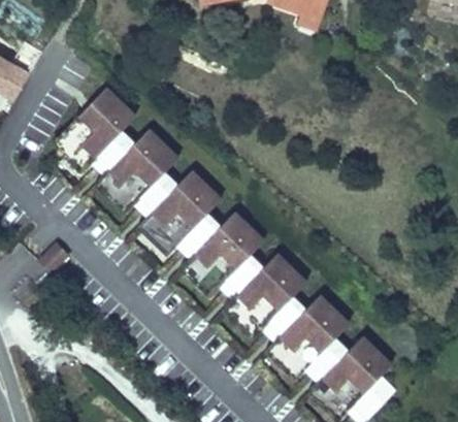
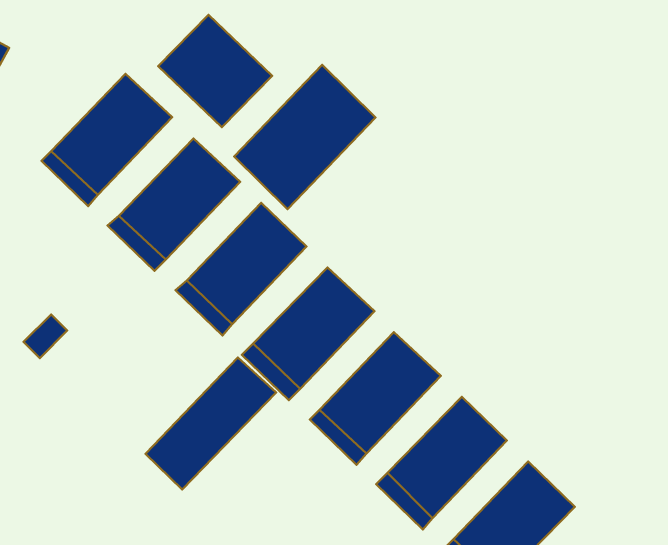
building: none -> [158,15,272,127]
building: none -> [234,65,376,209]
building: none -> [145,357,276,490]

